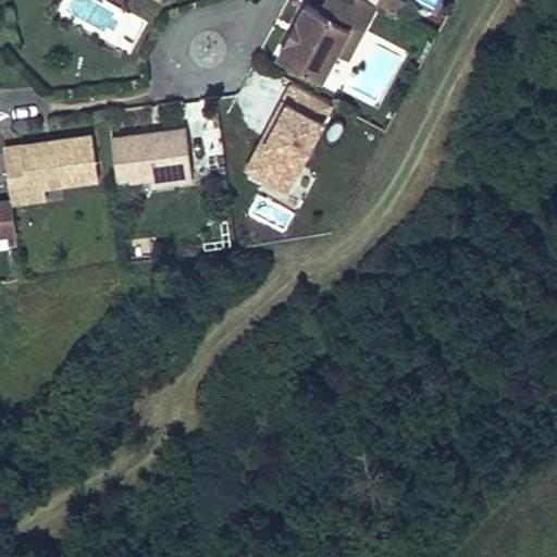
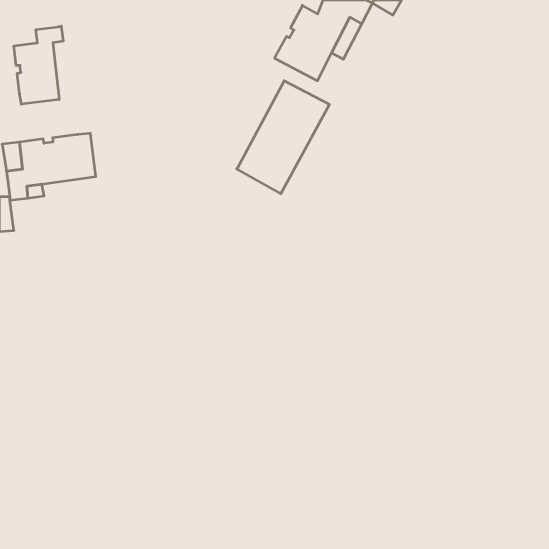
building: none -> [14,26,63,104]
building: [111,128,191,182] -> none

